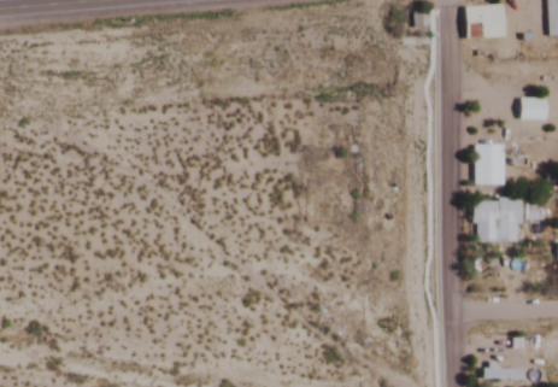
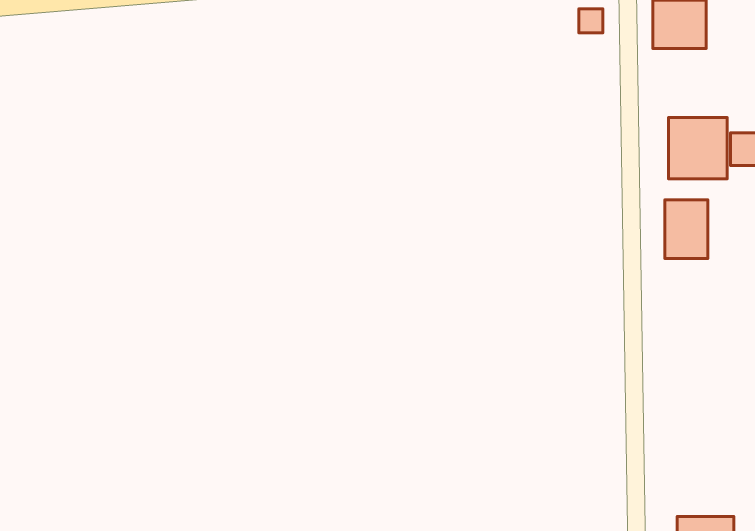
building: none -> [668,118,727,179]
building: [475,198,522,240] -> none

